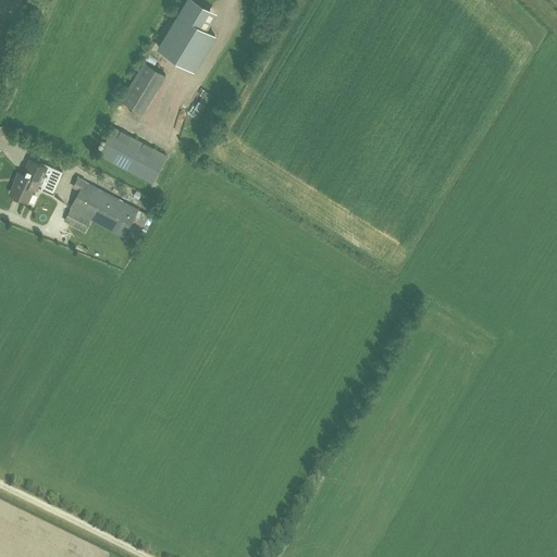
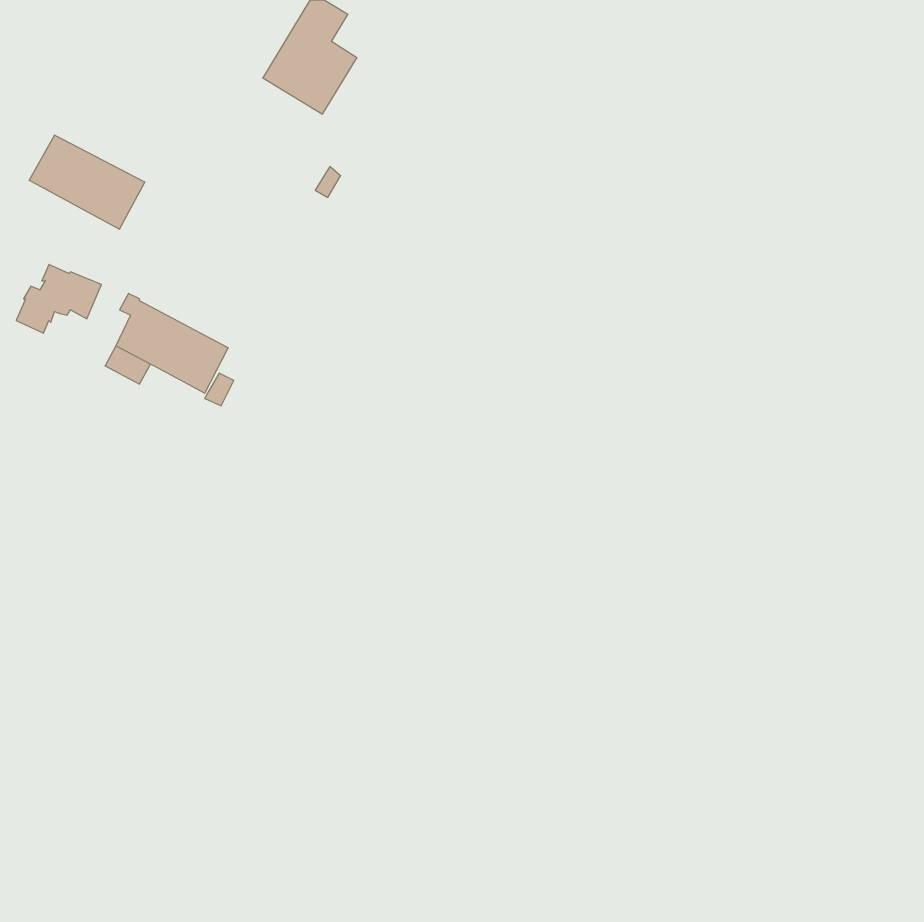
building: [120,63,164,113] -> none
building: [97,128,166,185] -> [29,135,145,229]

